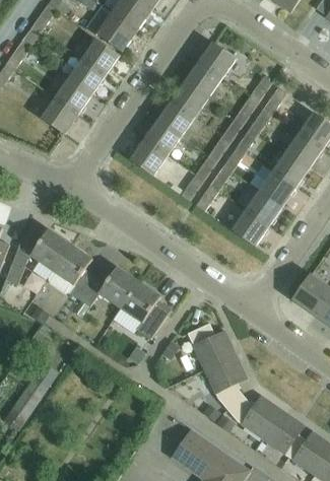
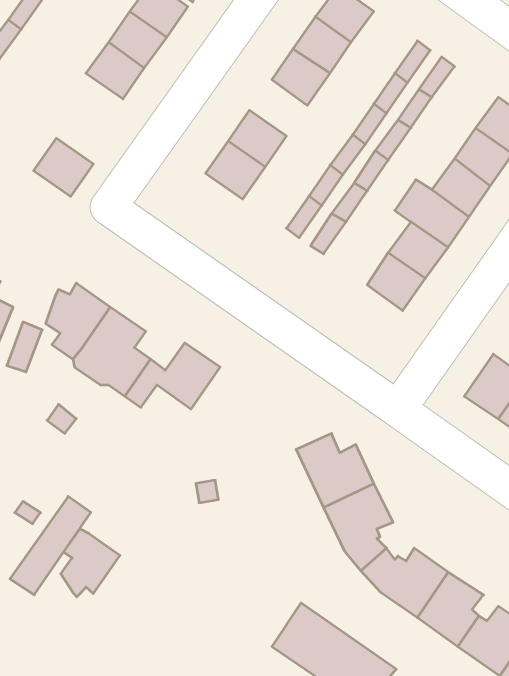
building: [41,96,78,133] -> [34,138,93,196]
building: [157,100,194,136] -> none
building: [121,281,171,337] -> none
building: none -> [61,529,120,597]

